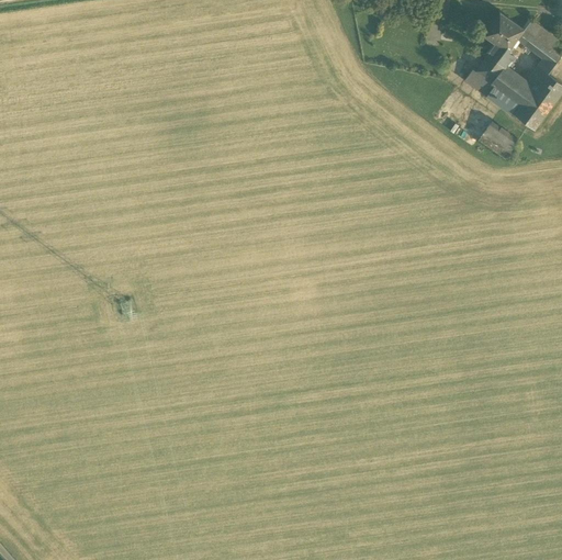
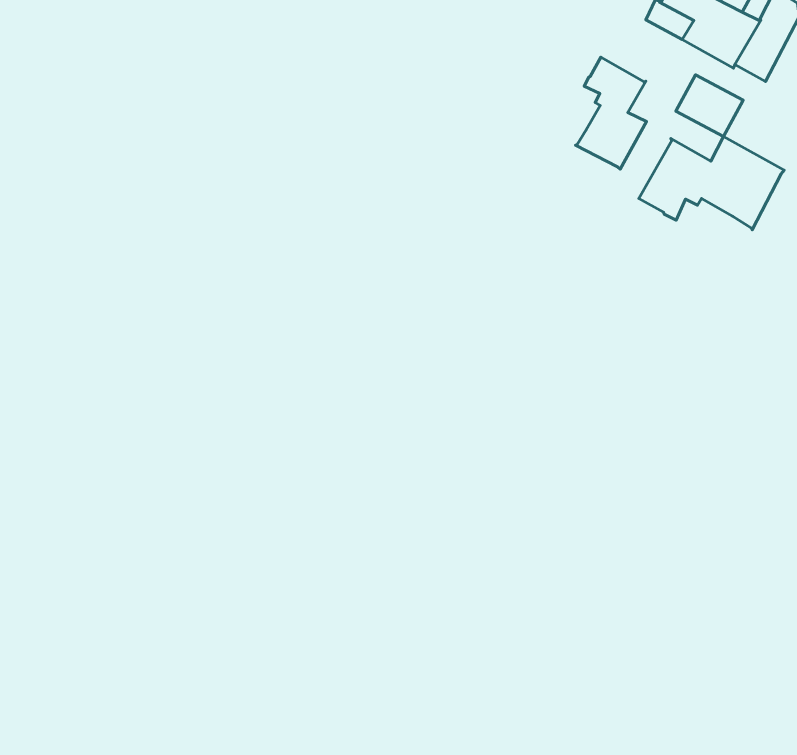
building: none -> [576,57,646,169]
building: none -> [639,137,784,230]

